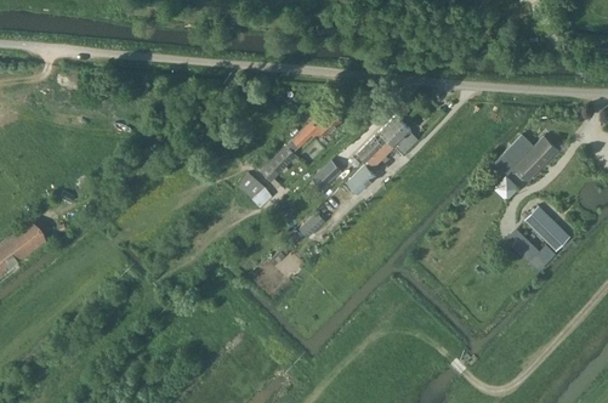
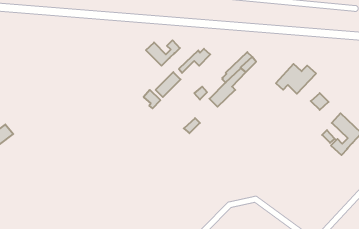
building: none -> [146,40,180,66]
building: [495,135,556,180] -> [276,64,316,94]

